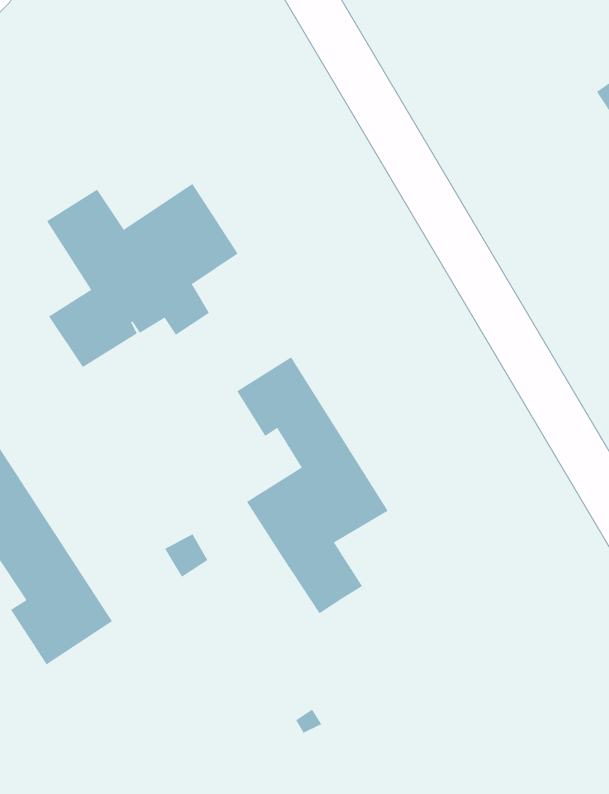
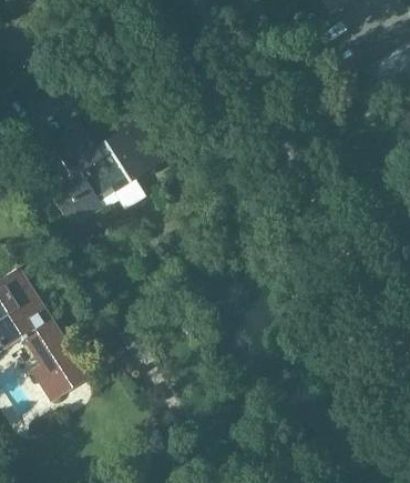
building: [236,357,388,614] -> none

